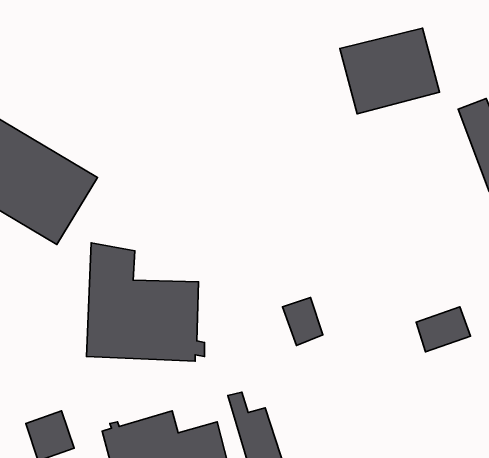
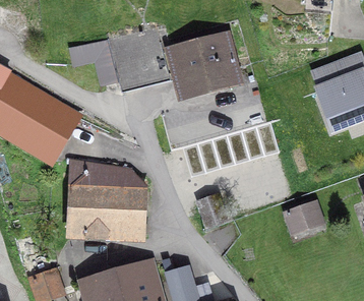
building: [340,28,439,114] -> [171,38,236,94]
building: none -> [69,26,170,91]

